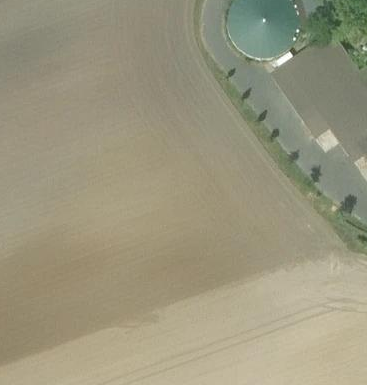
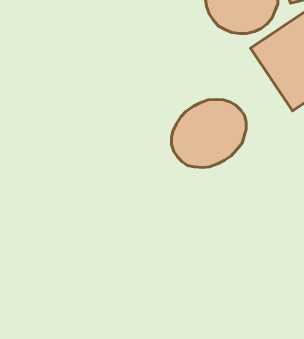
building: none -> [172,99,246,168]

